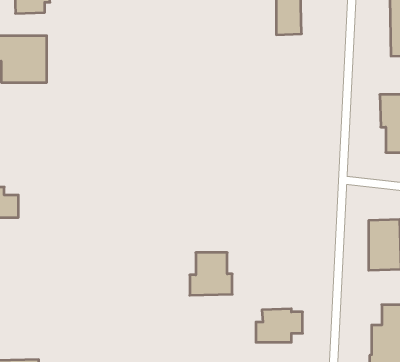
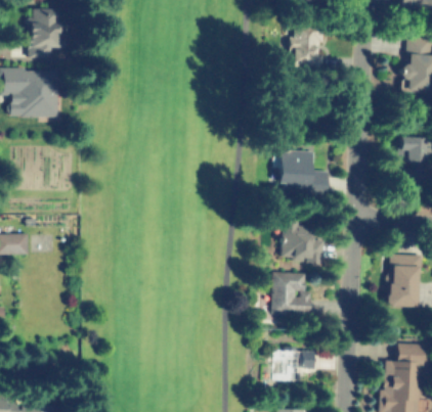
building: none -> [280,149,330,200]
building: none -> [279,220,327,258]
building: [190,253,232,295] -> [268,272,311,315]

